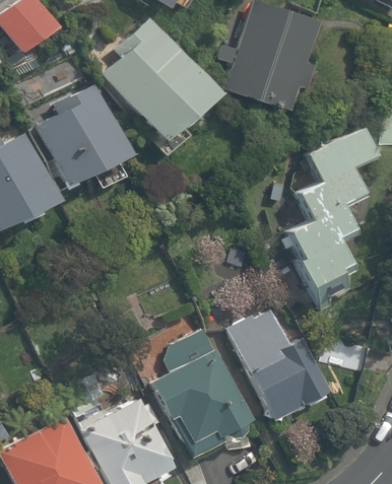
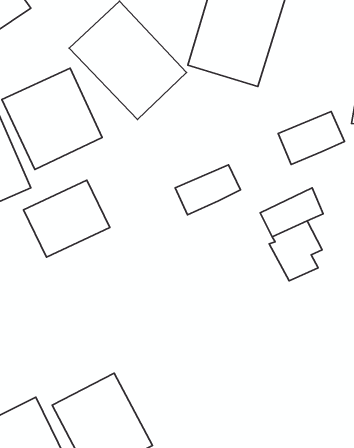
building: [301,171,367,222] -> [175,165,241,215]
building: none -> [24,180,110,257]
building: [227,309,323,415] -> none
building: [152,331,254,455] -> none

